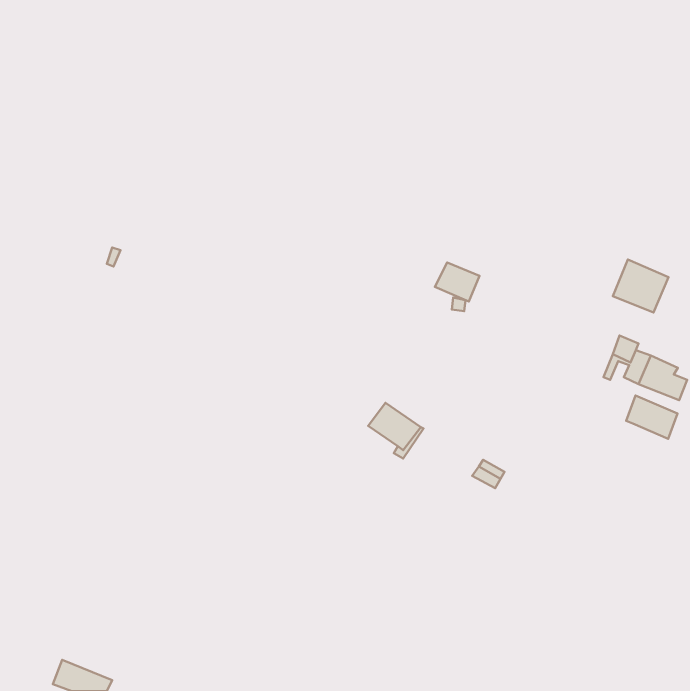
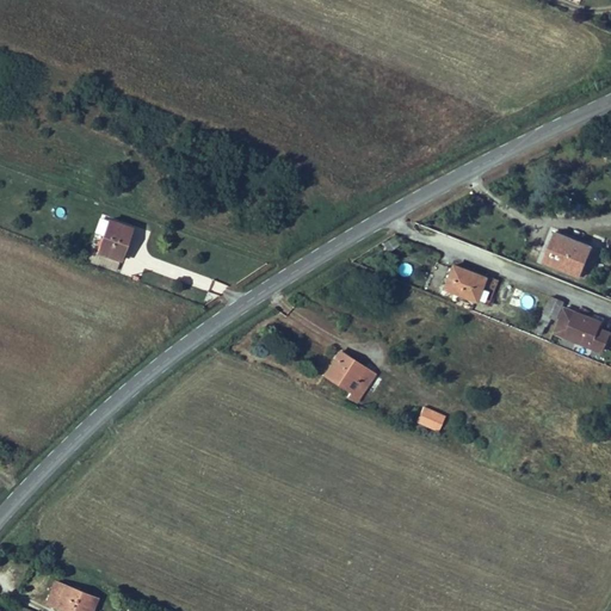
building: none -> [99,222,134,263]
building: [435,262,480,302] -> [442,267,481,302]
building: [626,396,677,439] -> none

